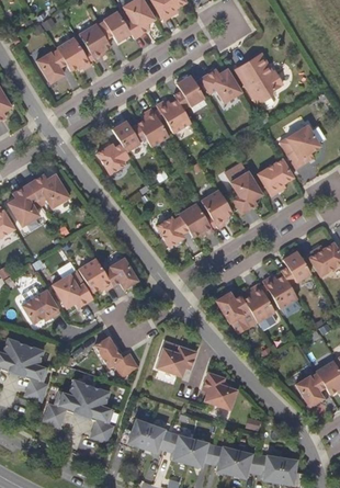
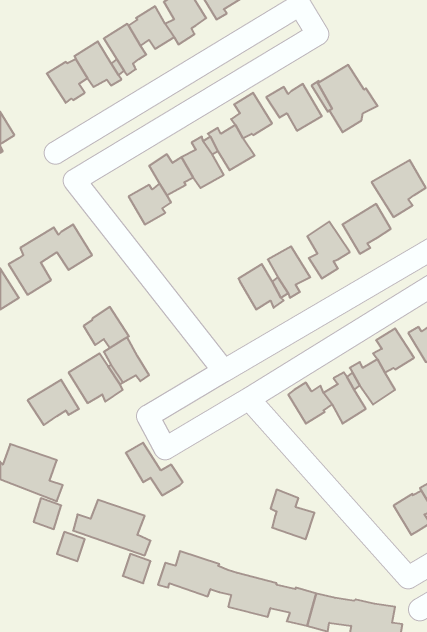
building: [156,216,188,247] -> none
building: [103,258,137,288] -> [84,307,129,348]
building: [156,347,195,376] -> none

